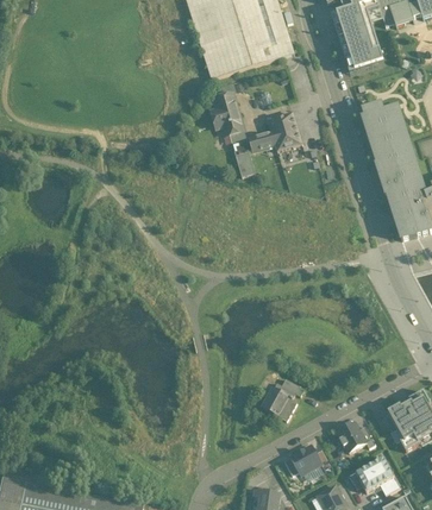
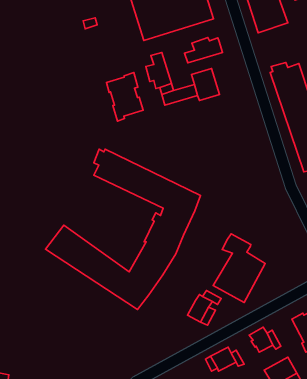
building: none -> [184,37,223,63]
building: none -> [107,73,143,121]
building: none -> [45,149,200,309]
building: none -> [213,234,265,302]

